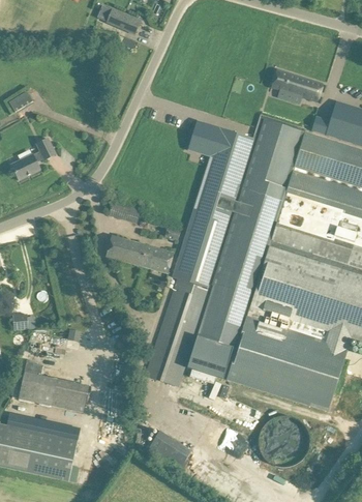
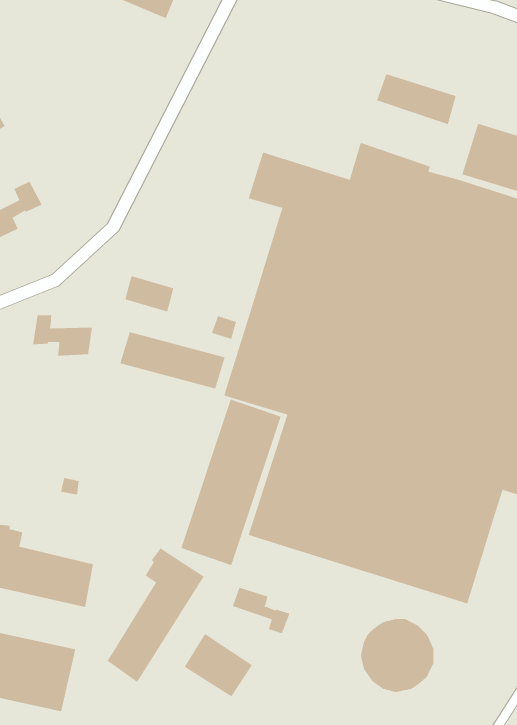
building: none -> [32,314,92,357]
building: none -> [107,547,205,683]
building: none -> [232,587,290,634]

